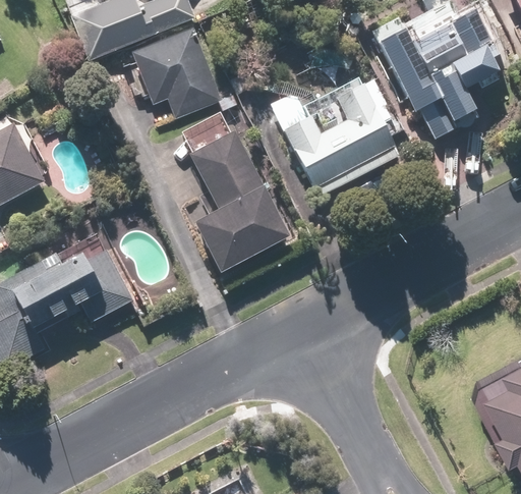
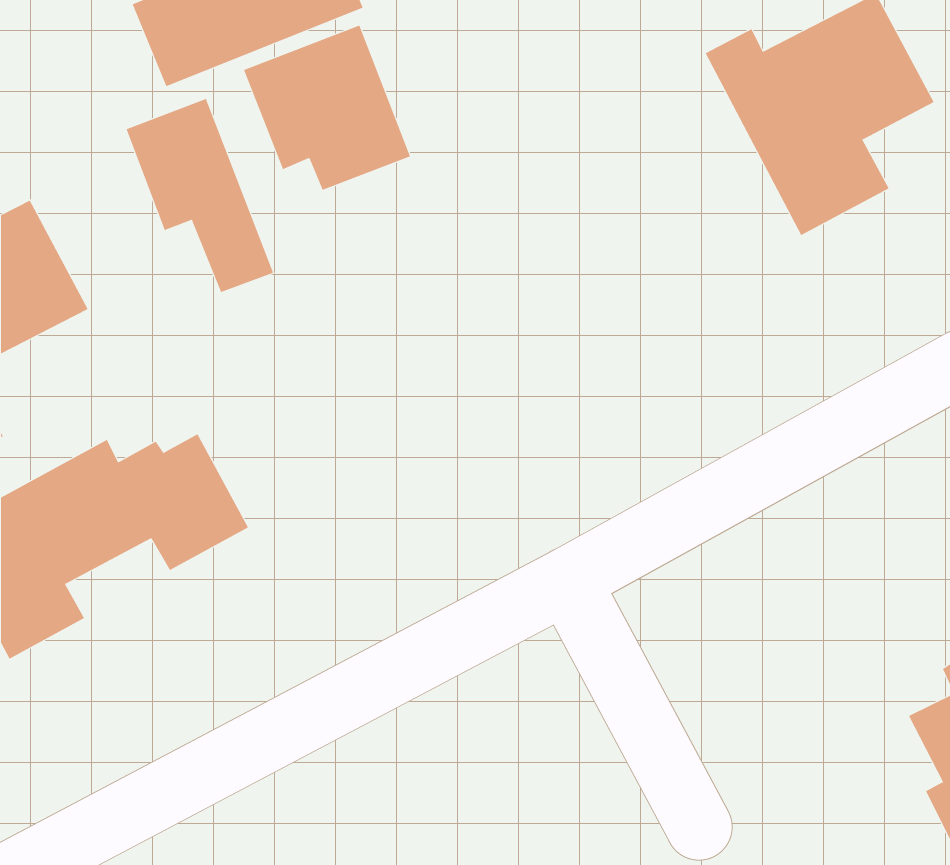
building: none -> [126,98,274,293]
building: [273,83,396,186] -> none
building: [190,129,292,271] -> none

